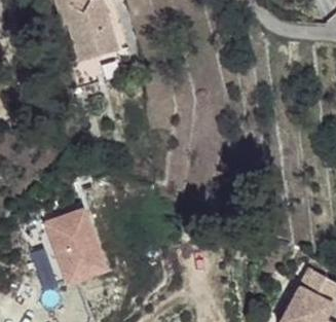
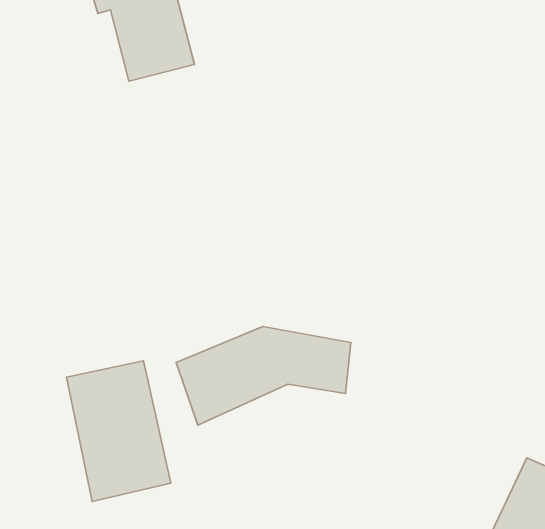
building: none -> [176,326,351,425]

